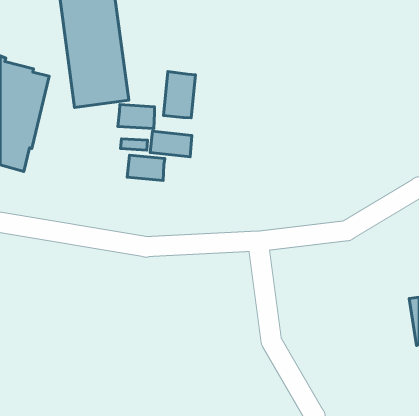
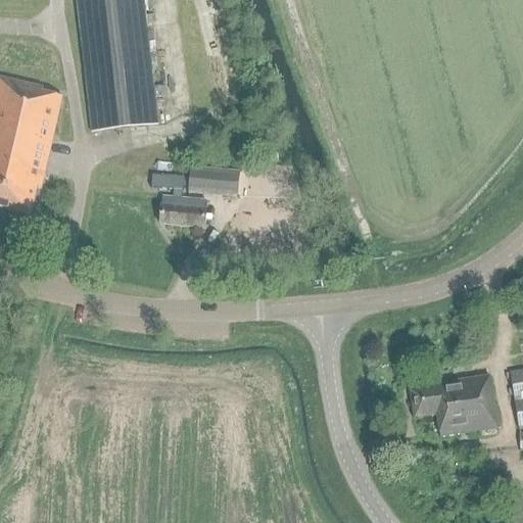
building: [163,71,196,118] -> none
building: [118,105,155,129] -> none
building: none -> [409,372,495,433]

